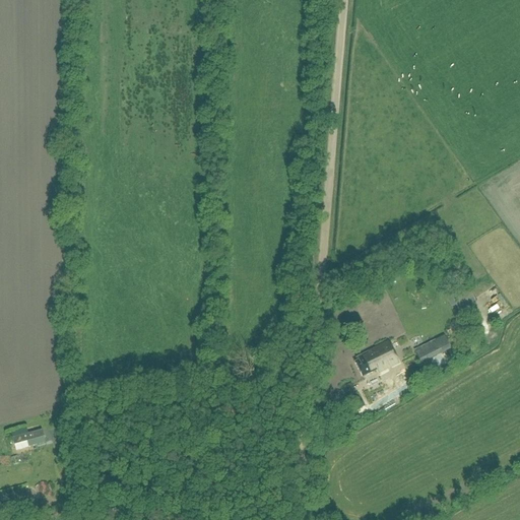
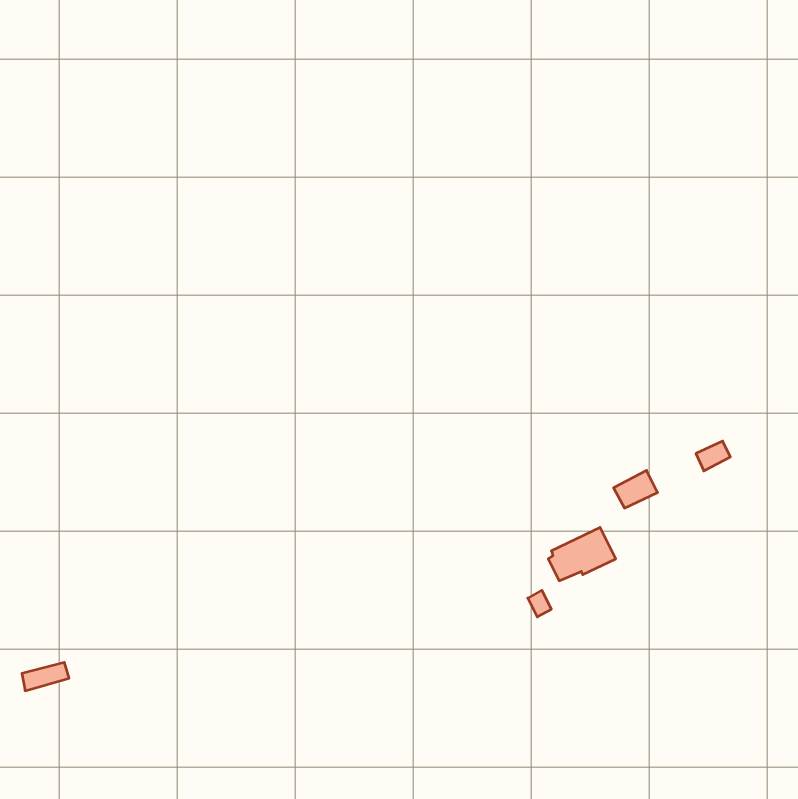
building: [416,338,445,363] -> [614,470,658,508]

